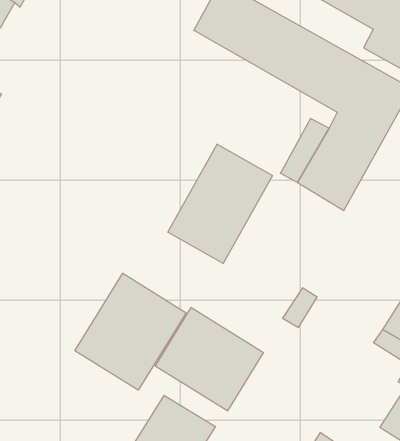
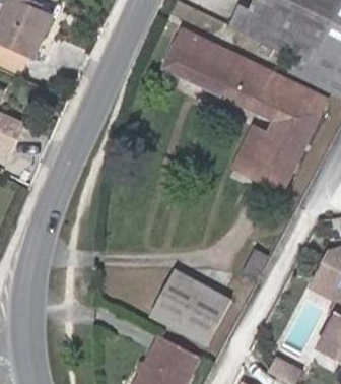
building: [168,144,272,264] -> none
building: [75,273,186,390] -> none

